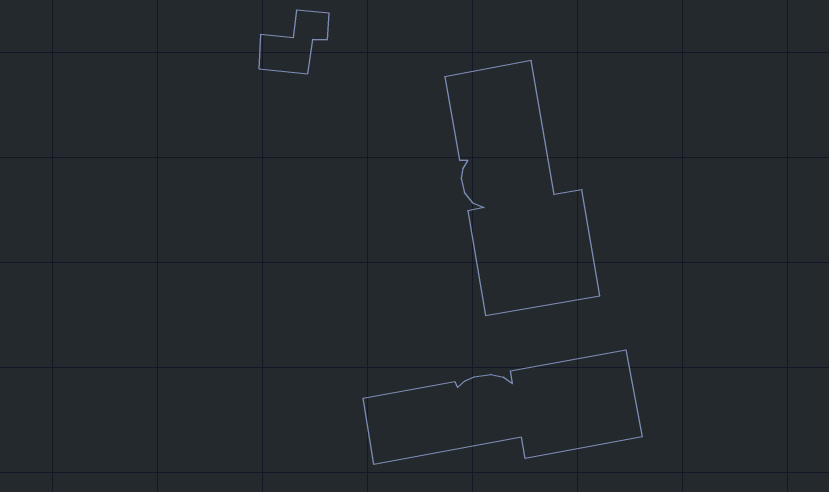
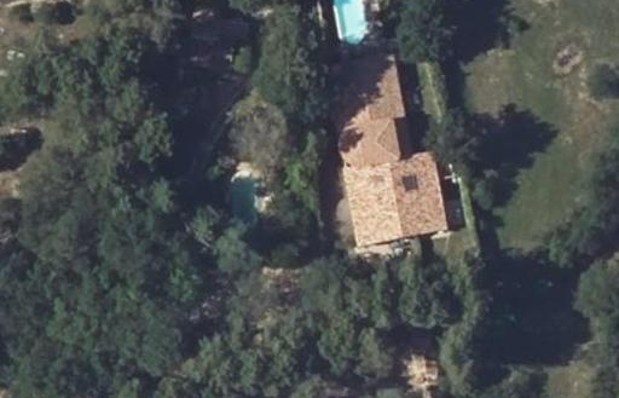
building: [363,350,642,464] -> none

